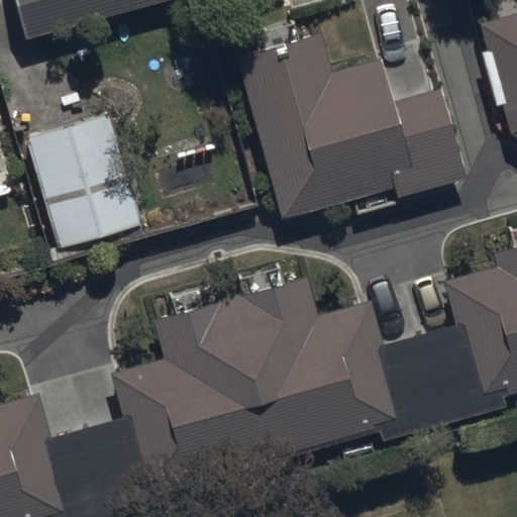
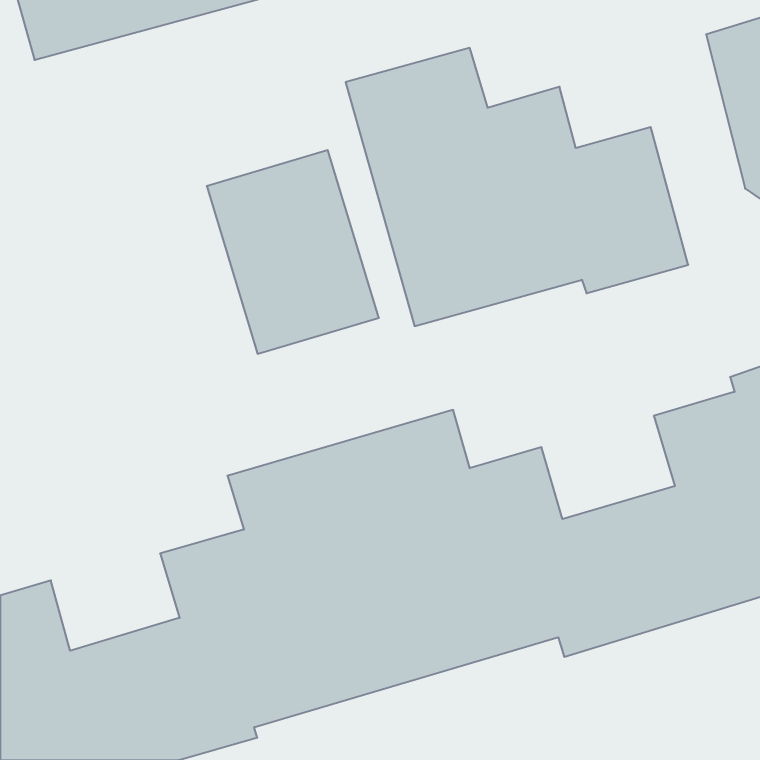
building: [26,112,142,249] -> [207,150,379,354]

